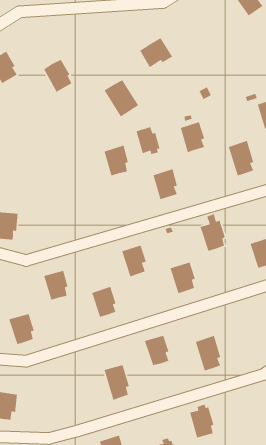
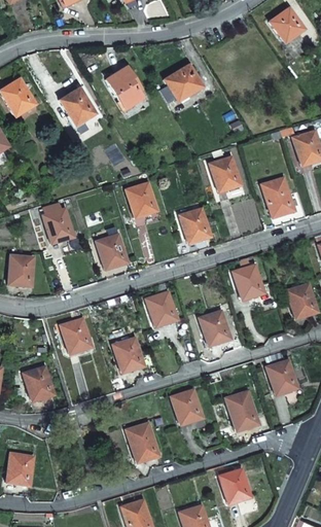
building: [103,79,139,118] -> [105,67,144,109]
building: [135,126,160,155] -> none
building: none -> [42,209,71,244]
building: none -> [96,234,123,269]
building: none -> [265,359,293,394]

